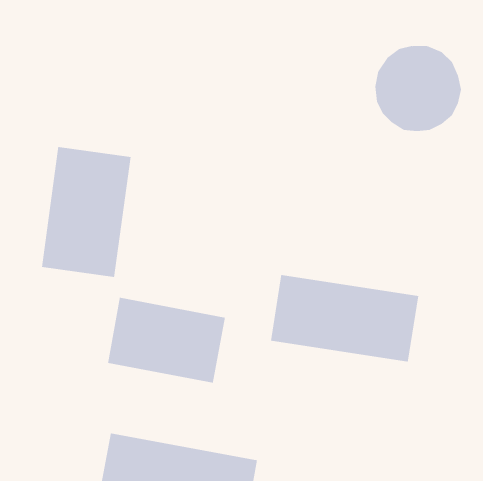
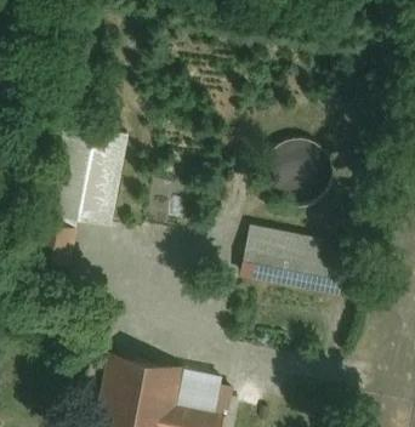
building: [375,46,462,132] -> [260,140,330,209]
building: [107,297,225,383] -> none

